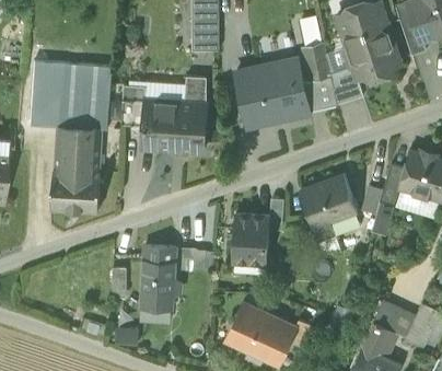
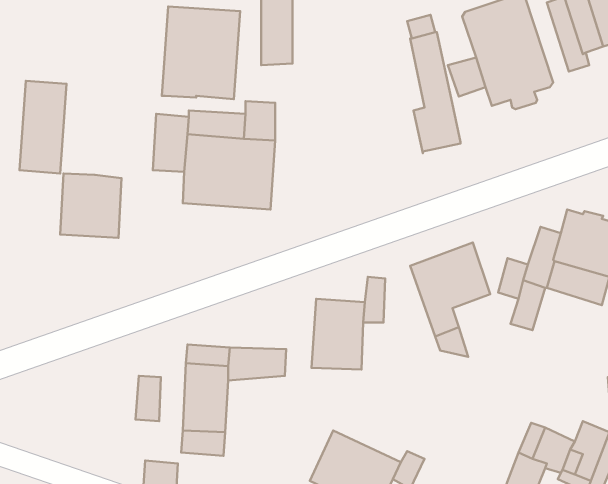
building: [234,59,309,127] -> none
building: [56,65,111,129] -> [162,7,240,99]
building: [328,67,362,105] -> none
building: [49,170,100,212] -> none

